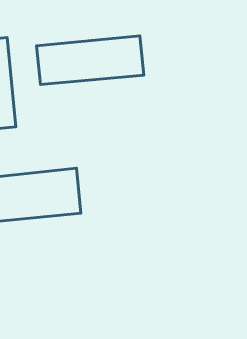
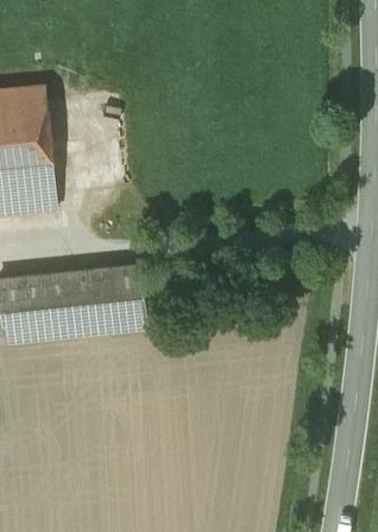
building: [37,36,144,84] -> none

